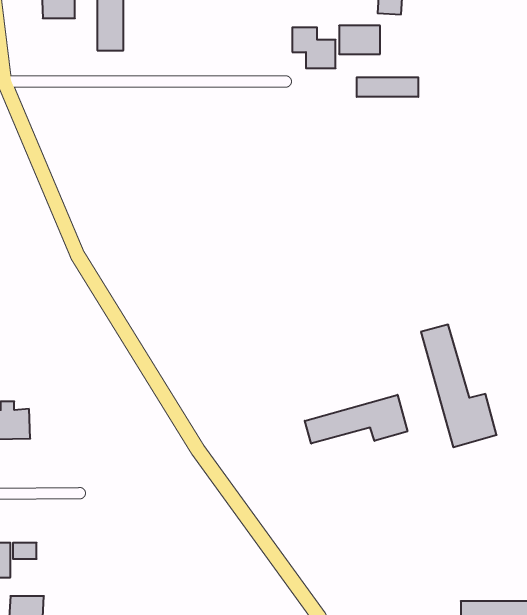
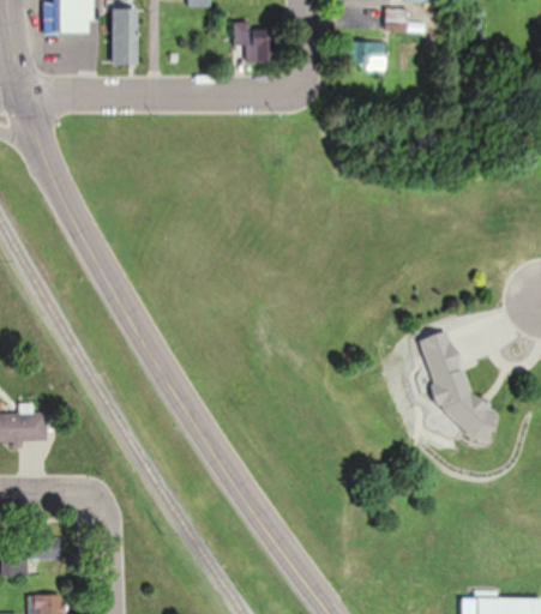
building: [292,27,336,68] -> [232,24,273,64]
building: [357,77,418,97] -> none
building: [305,395,407,444] -> none

